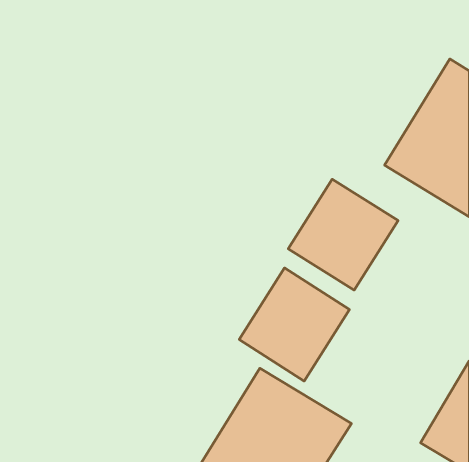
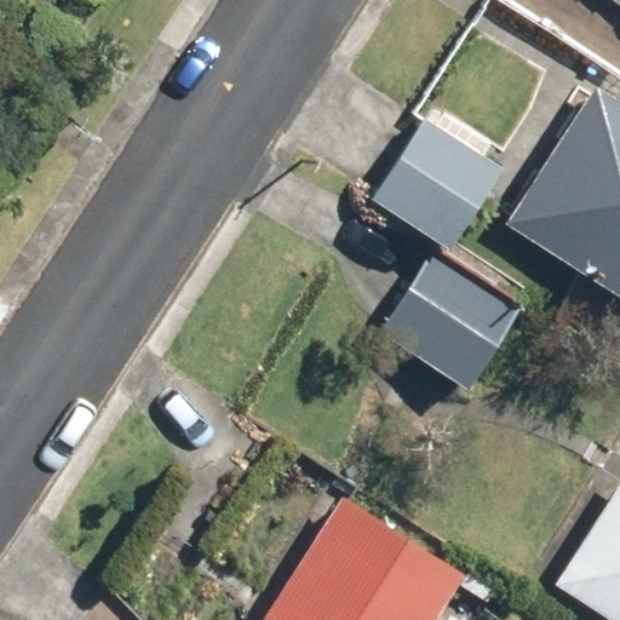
building: none -> [374,114,510,251]
building: [239,268,349,381] -> none

